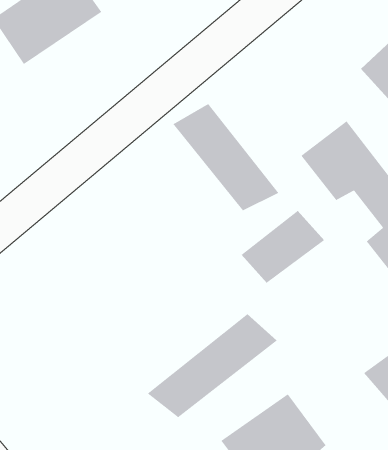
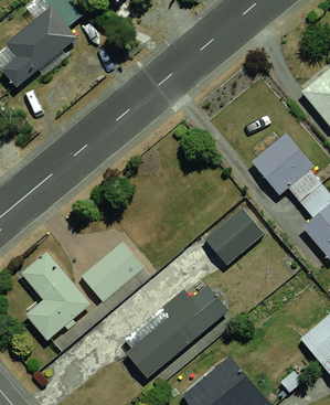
building: [173,103,279,211] -> none
building: none -> [78,241,140,298]
building: none -> [19,252,89,343]

